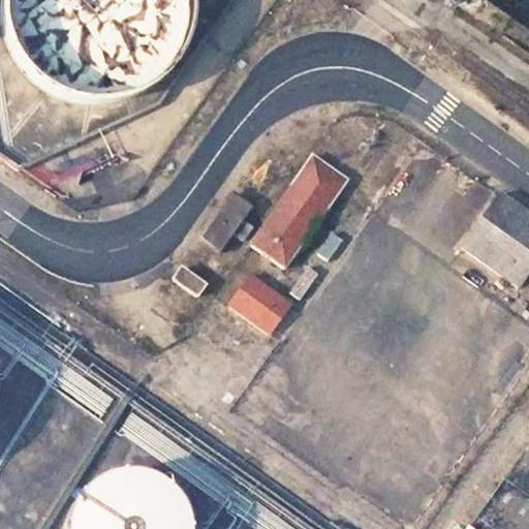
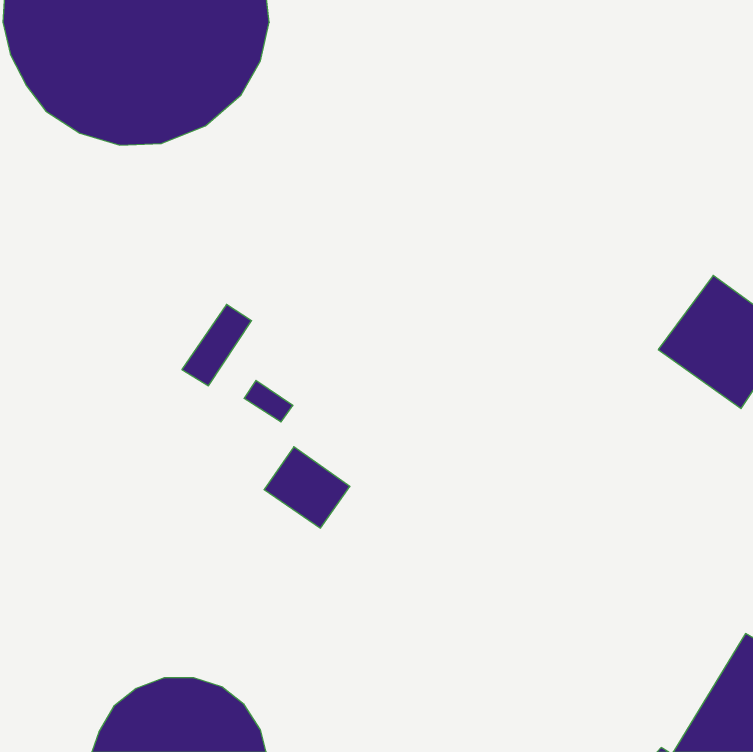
building: [251,154,348,266] -> none
building: [200,192,249,249] -> [182,304,252,386]
building: [230,274,290,331] -> [264,447,350,528]

